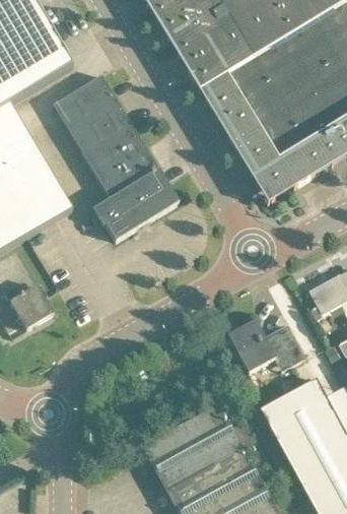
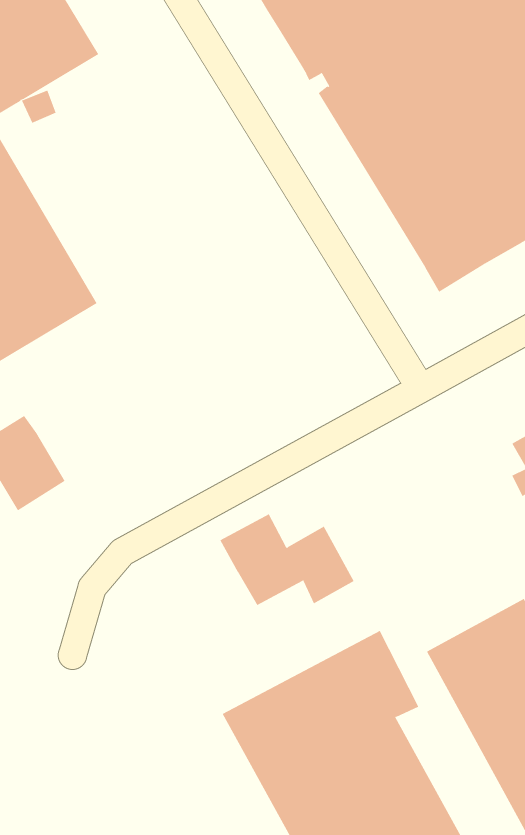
building: [53,73,180,239] -> none
building: [227,317,304,370] -> [219,514,355,606]

